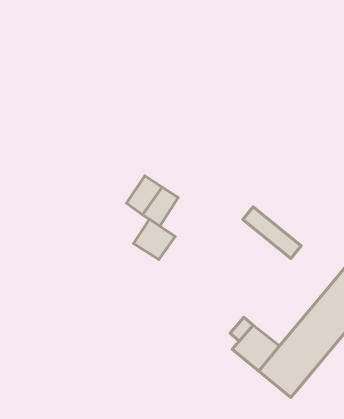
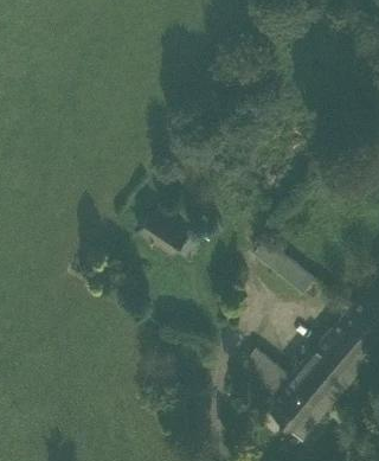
building: [133,219,175,260] -> none

